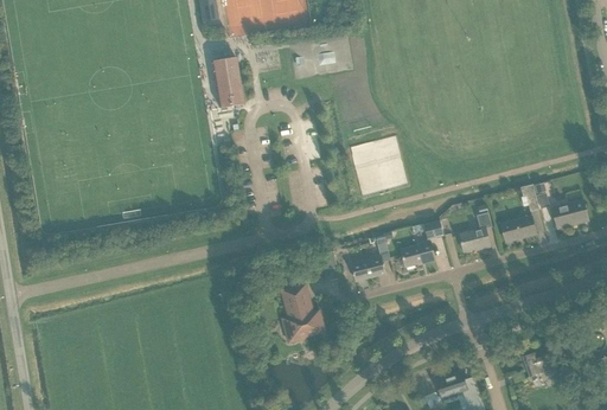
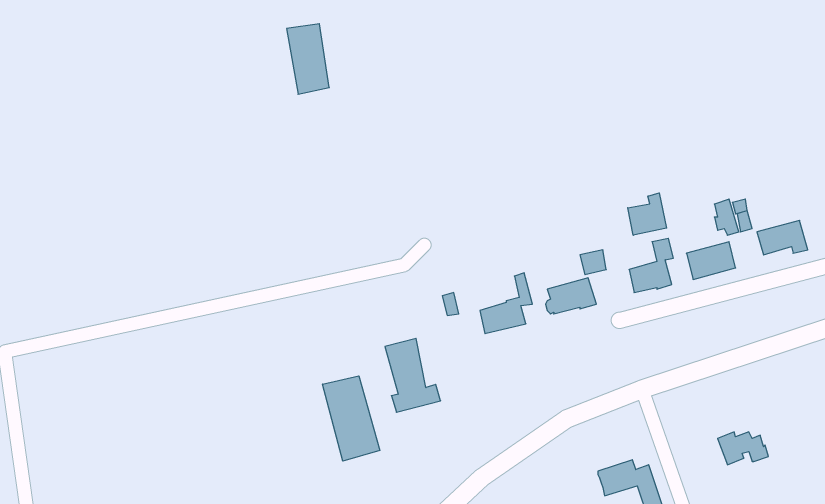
building: none -> [628,193,667,235]
building: none -> [323,376,380,461]

